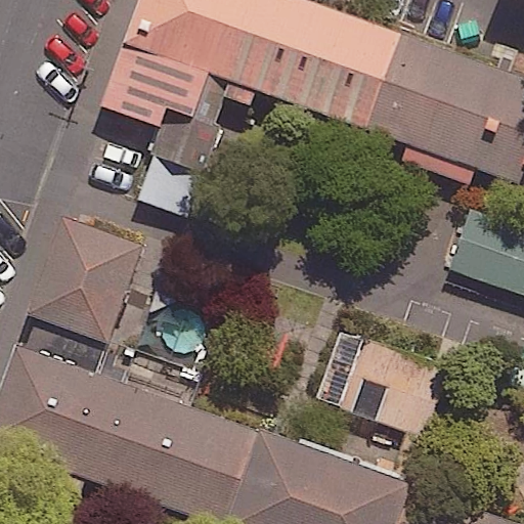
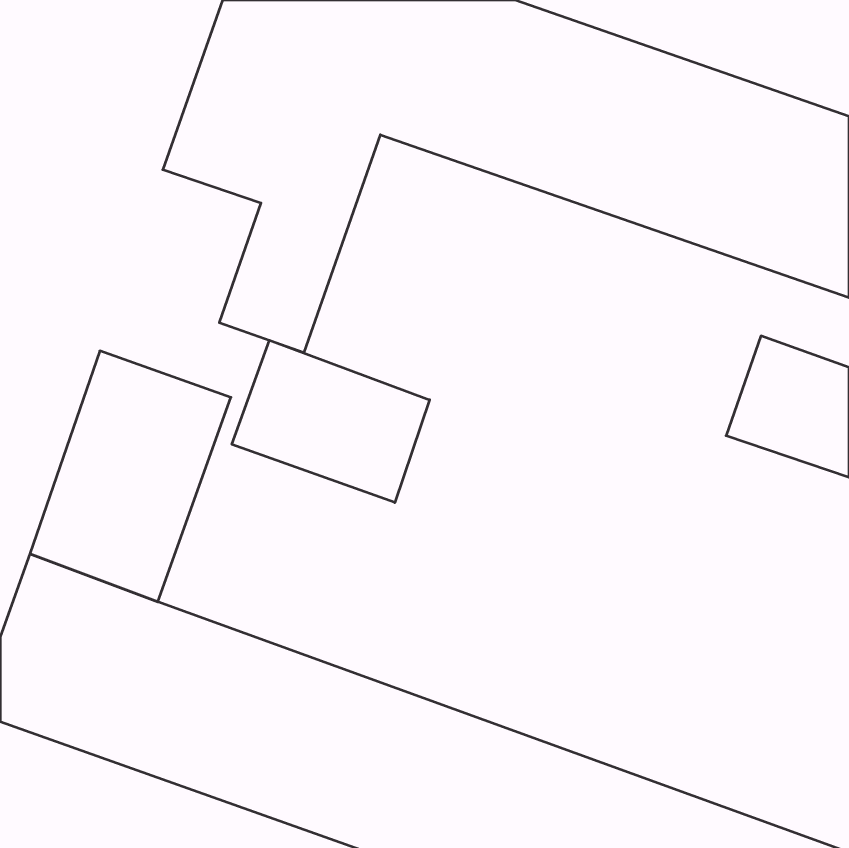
building: none -> [232,340,430,503]
building: [350,349,449,442] -> none

